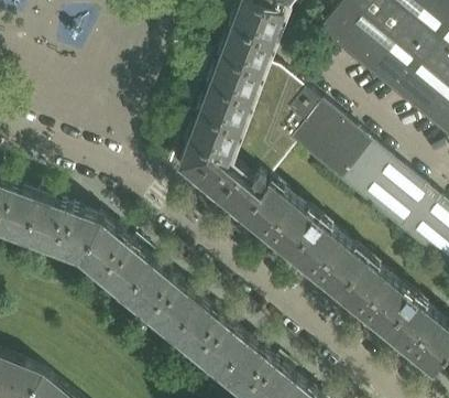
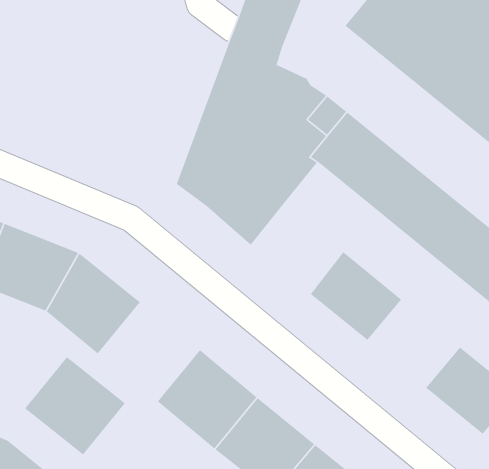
building: [243,179,319,252] -> none
building: [339,257,415,330] -> none
building: [118,259,201,341] -> [24,356,126,456]

